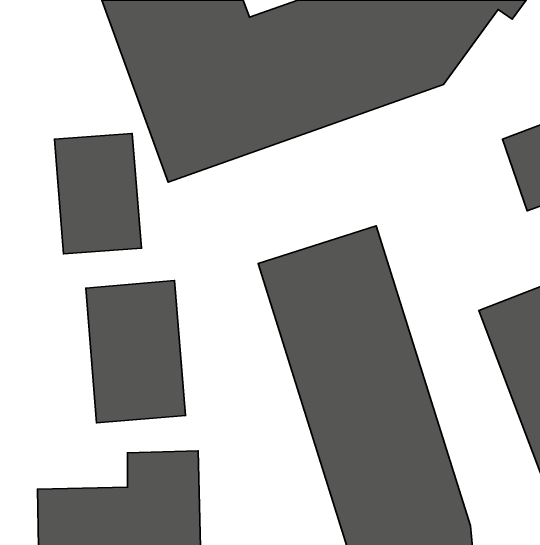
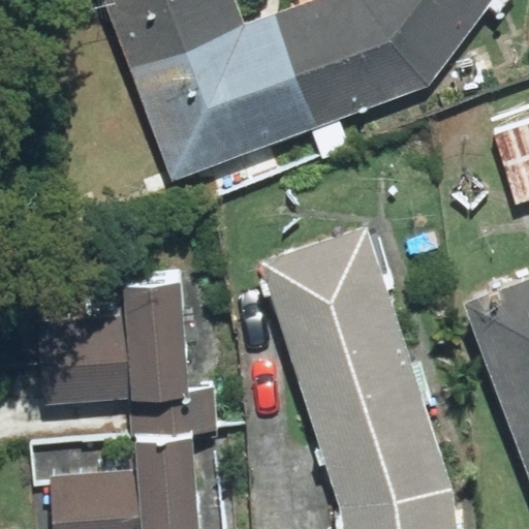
building: [54,133,141,254] -> none

